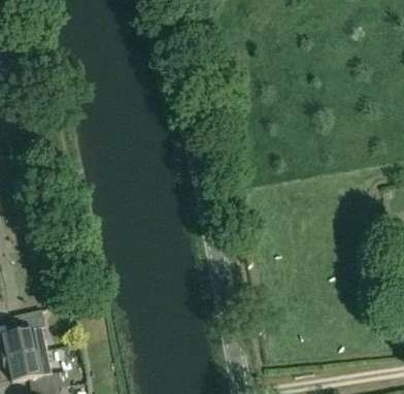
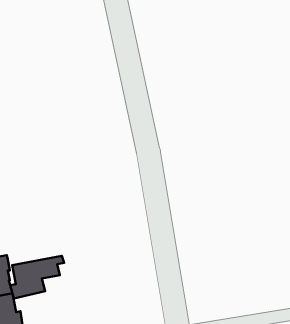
building: none -> [10,256,64,298]

